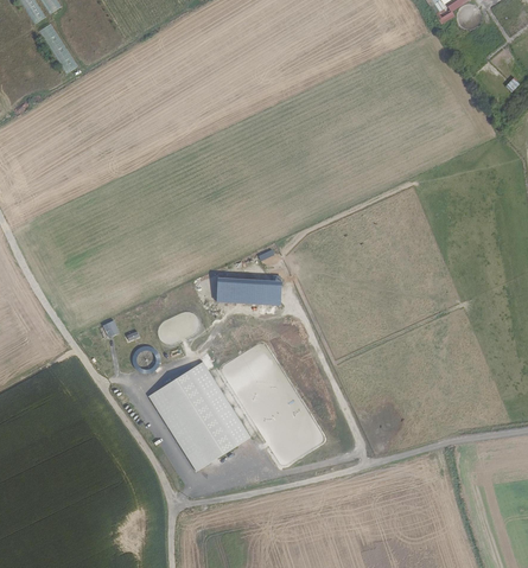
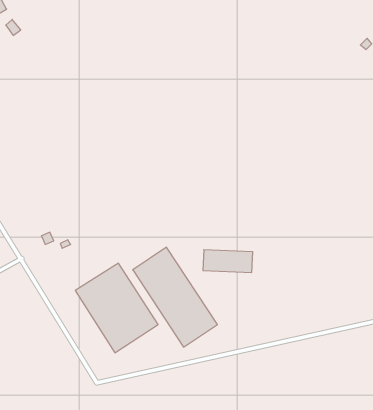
building: [218,276,281,305] -> [203,250,253,272]

